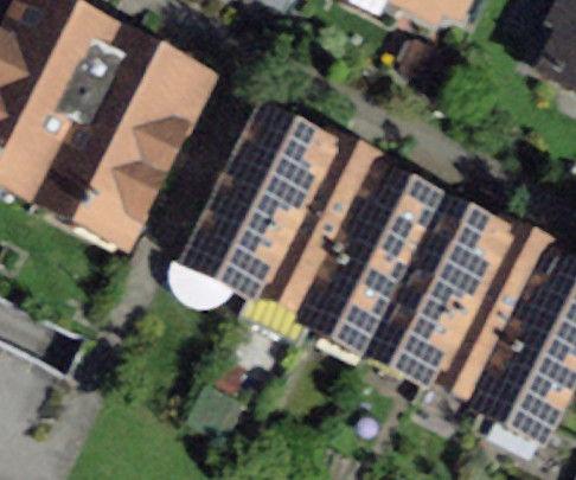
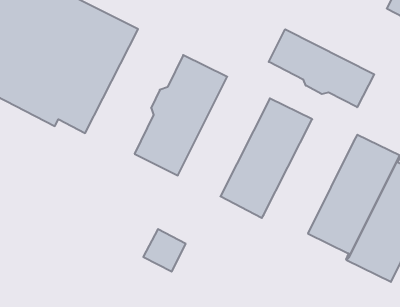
building: none -> [269,29,374,107]
building: [258,135,384,300] -> none
building: [370,201,495,365] -> none

